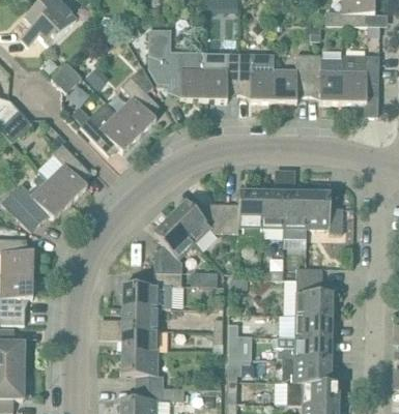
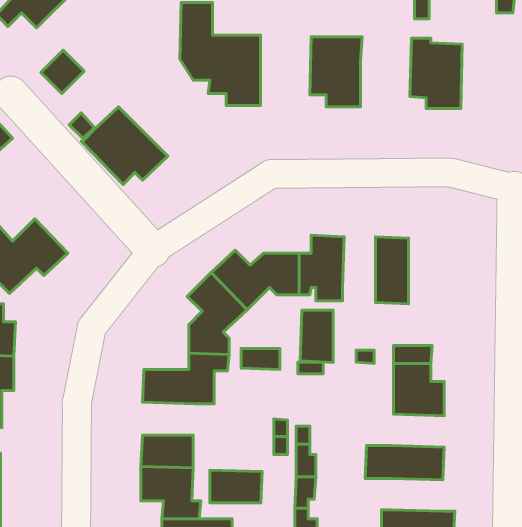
building: [204,52,239,100] -> none
building: [274,54,309,102] -> none
building: [343,55,379,104] -> none
building: [117,66,160,136] -> none
building: [48,143,91,203] -> none
building: [261,191,284,228] -> [300,310,333,362]
building: [307,193,342,234] -> none
building: [122,306,159,329] -> [210,470,262,503]
building: [295,315,332,337] -> none
building: [282,359,331,382] -> none

